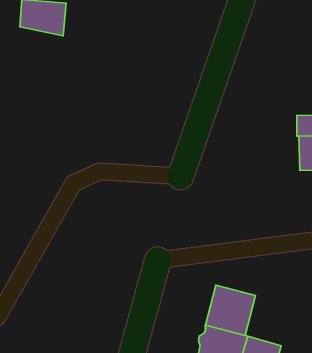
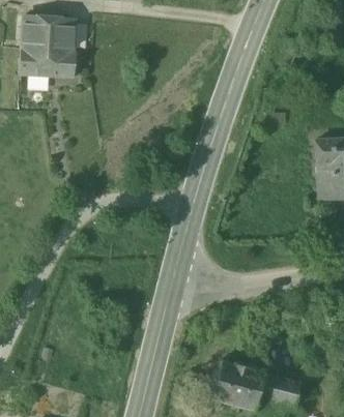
building: none -> [21,46,78,78]
building: [205,285,255,335] -> none

